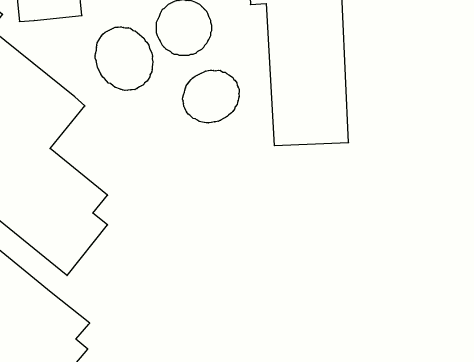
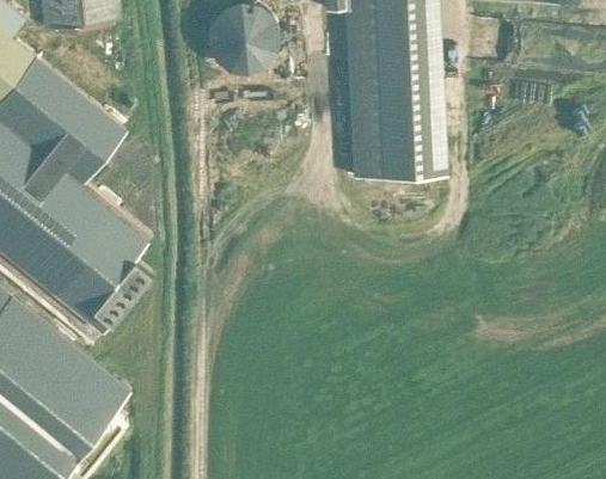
building: [95,27,153,90] -> none
building: [182,70,239,123] -> none

